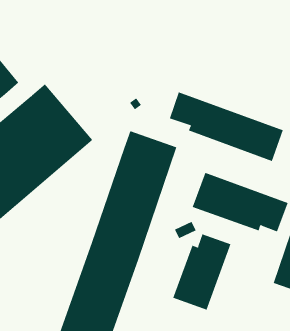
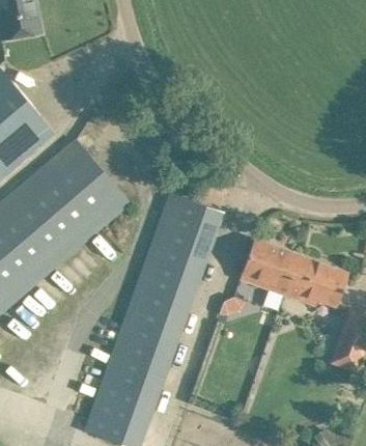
building: [169,92,284,162] -> none
building: [173,234,231,310] -> none

